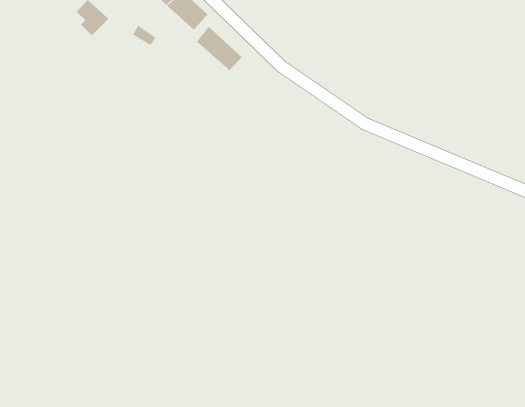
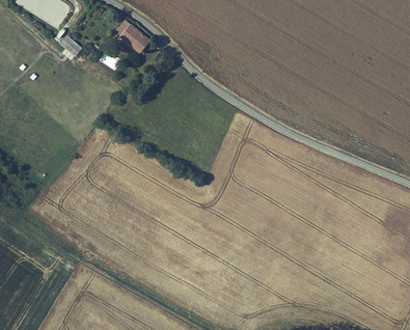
building: [196,26,242,71] -> none

